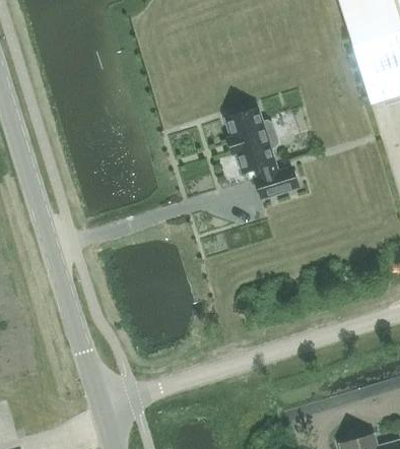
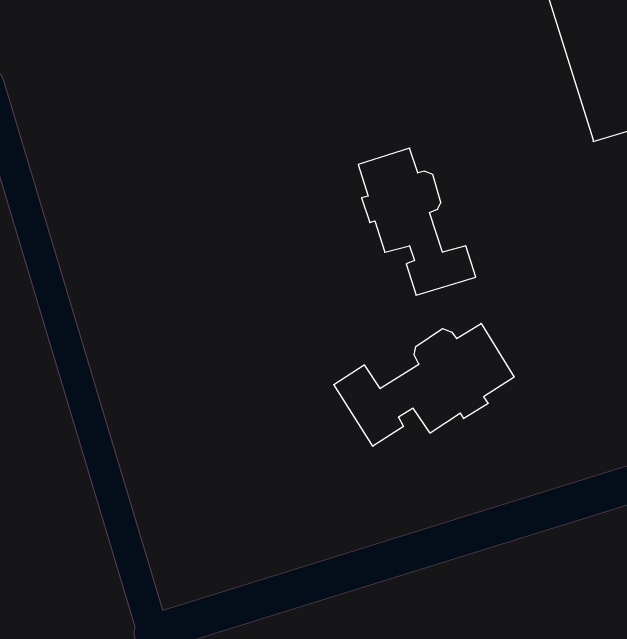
building: none -> [334,323,514,446]

